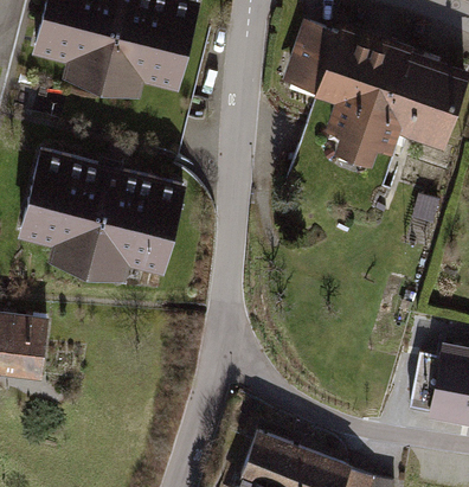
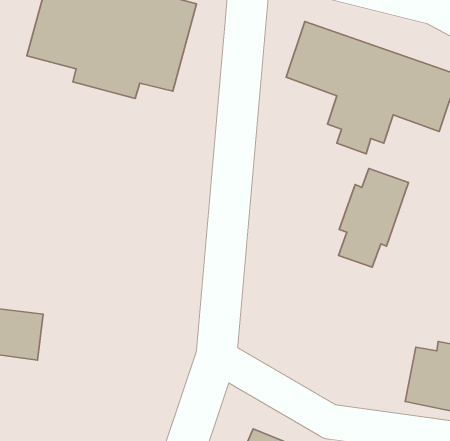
building: [18,152,191,286] -> none
building: none -> [338,168,408,267]

